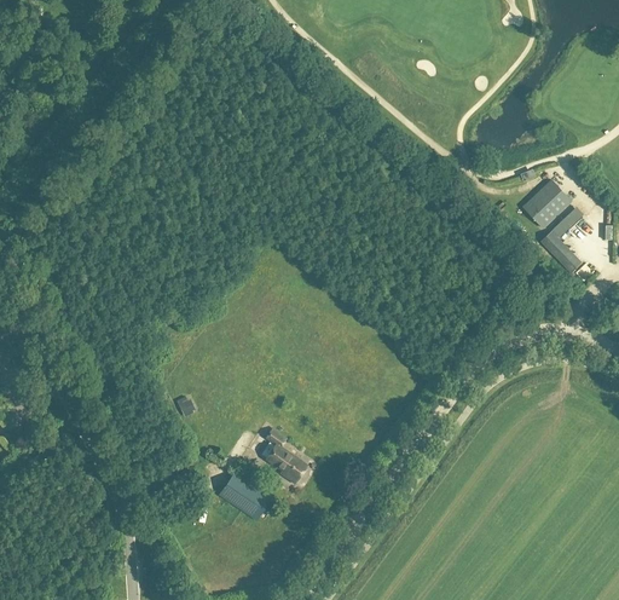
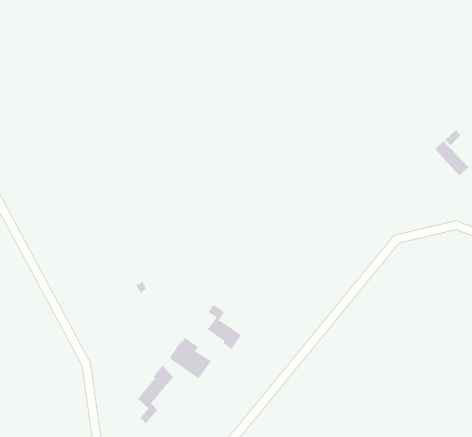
building: [523,180,572,227] -> none
building: none -> [137,365,174,424]

